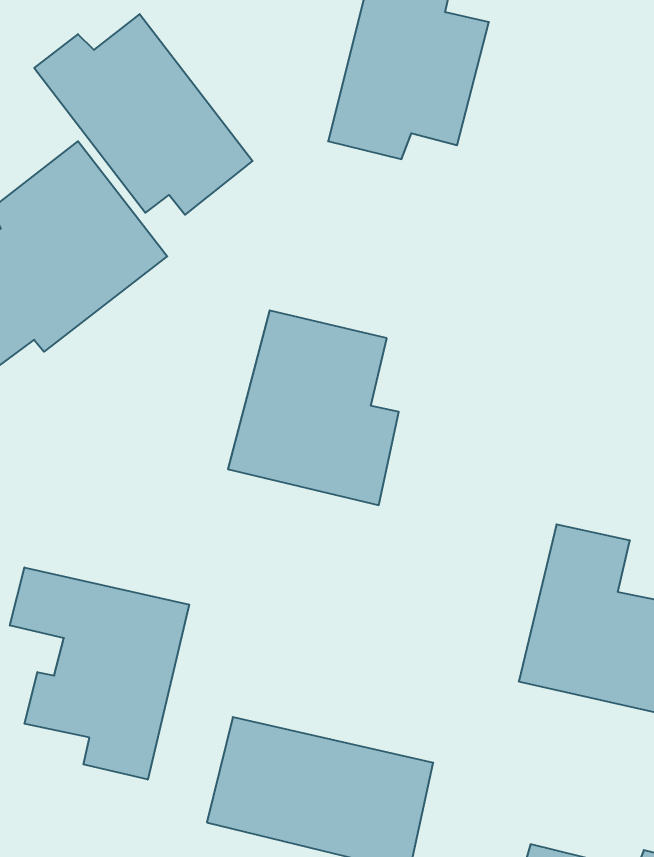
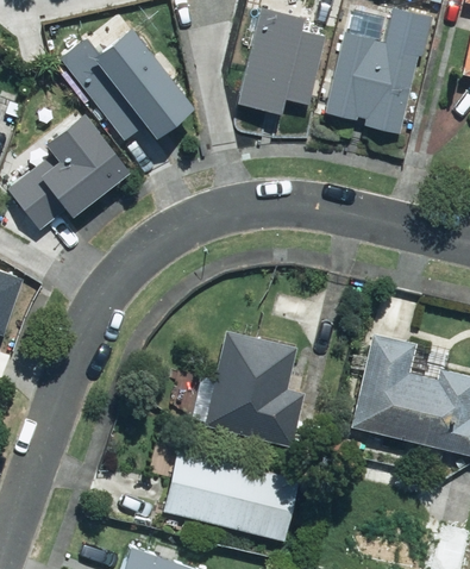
building: none -> [326,31,422,135]
building: [228,310,399,505] -> [202,330,305,446]
building: [10,567,189,780] -> none

